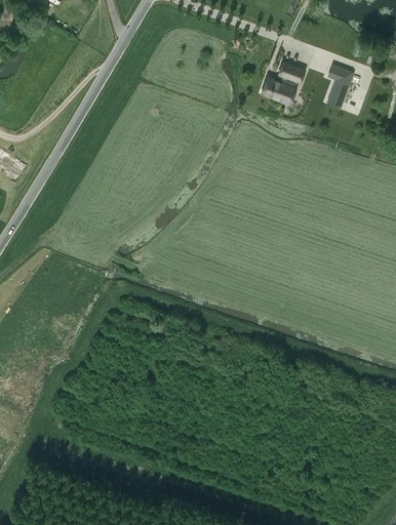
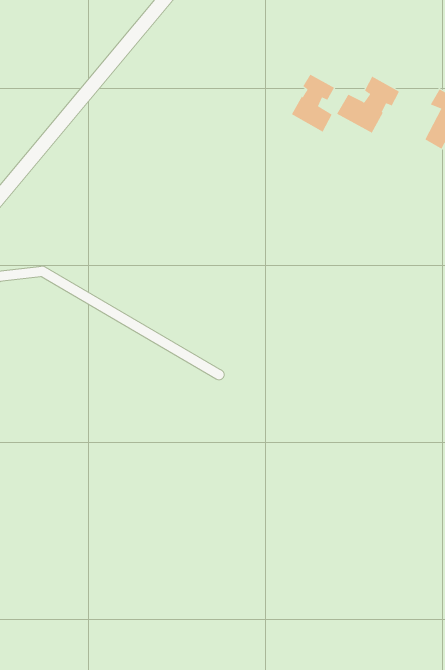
building: none -> [291,74,335,132]

